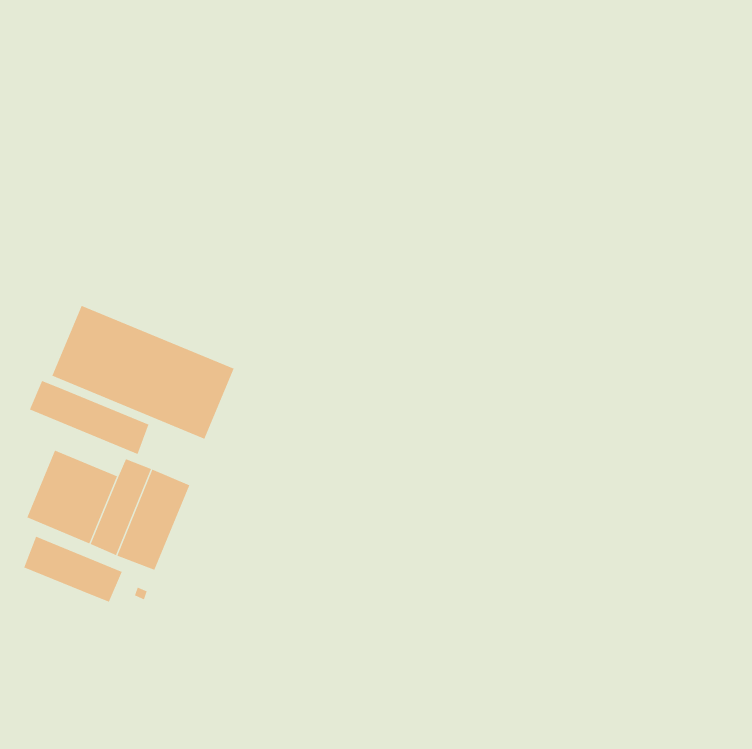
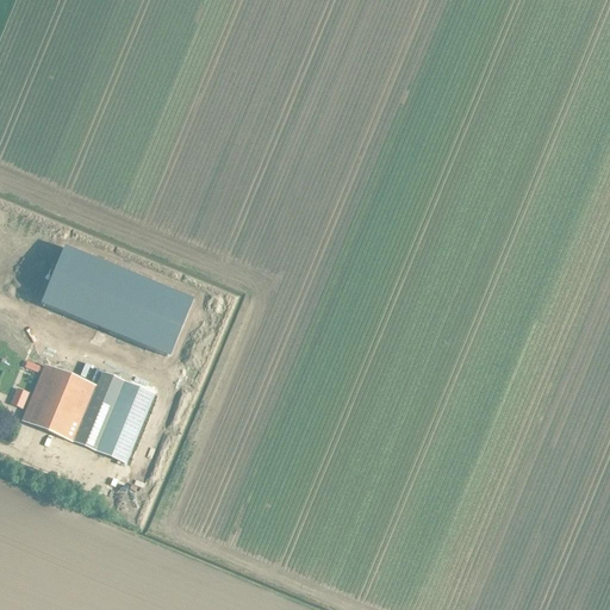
building: [29,380,149,455] -> none
building: [23,536,123,603] -> none

